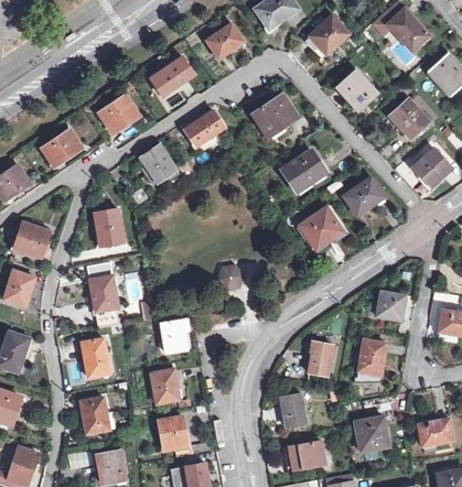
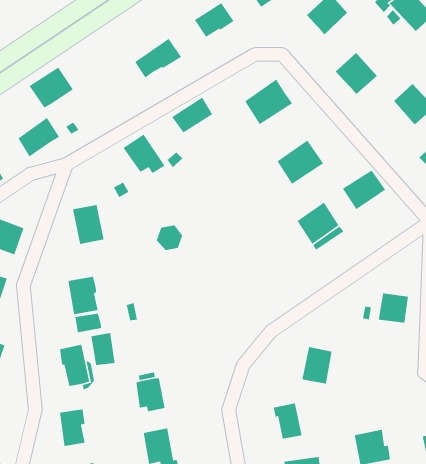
building: [98,95,140,133] -> [29,67,74,108]
building: [217,266,243,290] -> [156,225,183,251]
building: [162,321,185,351] -> [91,332,116,366]
building: [355,339,385,381] -> none

